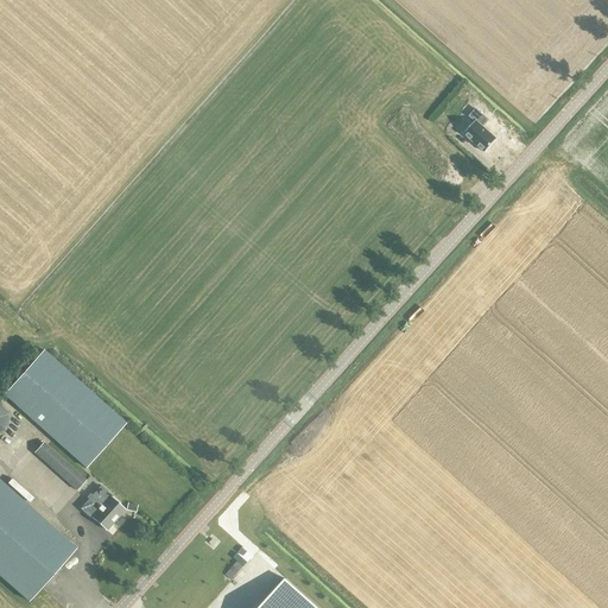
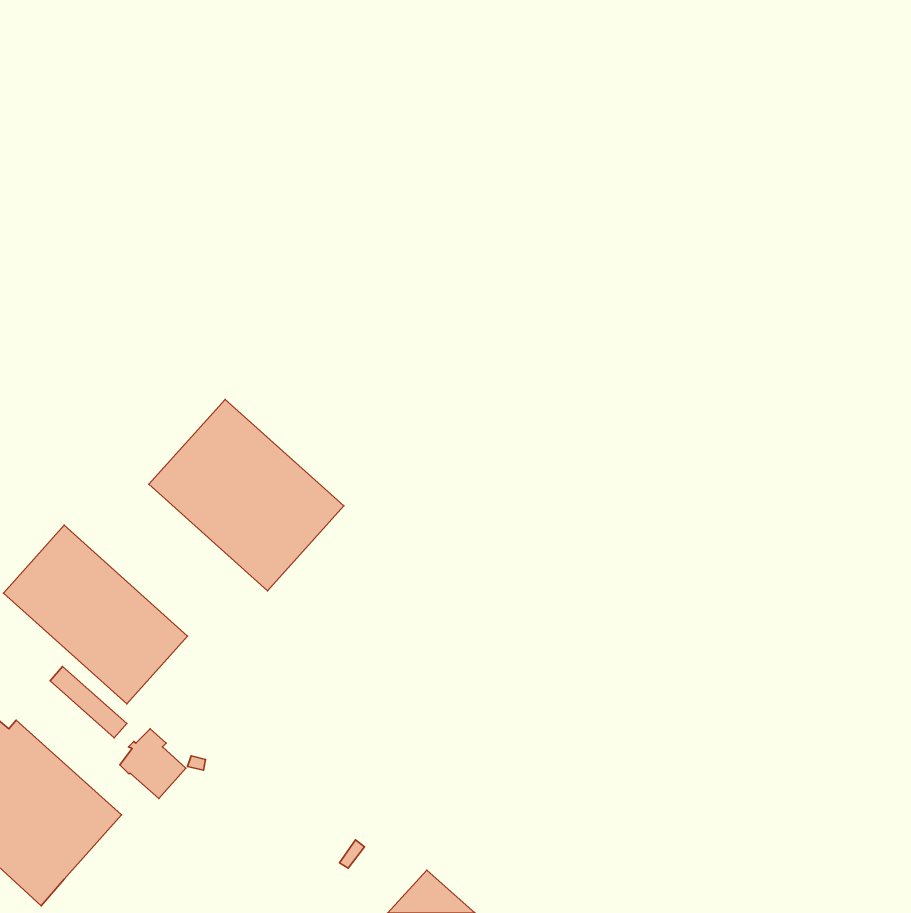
building: [463,109,495,152] -> none
building: none -> [149,399,344,591]

